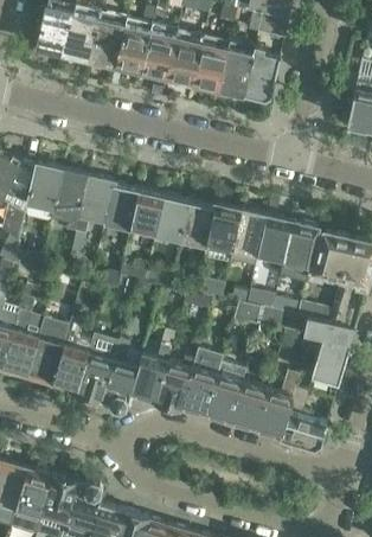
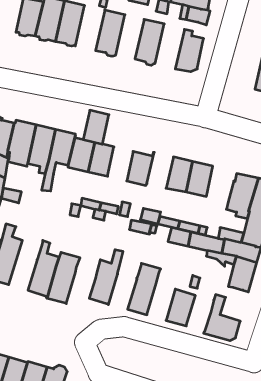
building: [114,15,152,73] -> none
building: [166,27,203,84] -> none
building: [217,39,255,97] -> none
building: [155,198,188,242] -> [83,110,109,144]
building: [206,205,240,251] -> none
building: [280,223,316,285] -> none
building: [27,305,64,383] -> none
building: [102,341,140,411] -> none
building: [156,358,195,409] -> none
building: [206,362,246,422] -> none
building: [257,372,300,436] -> none

